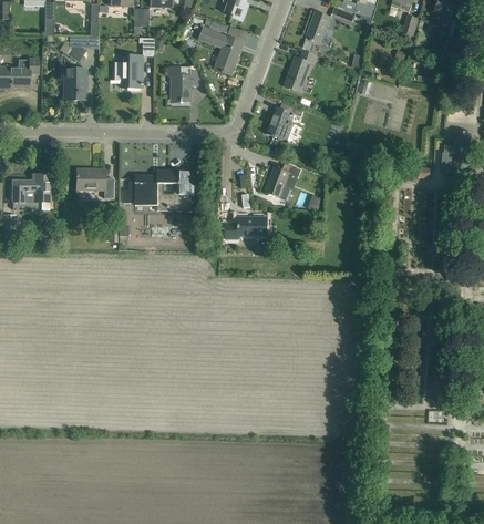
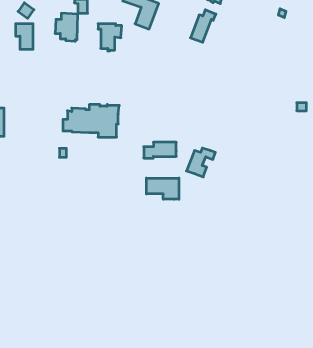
building: [266,106,302,138] -> none
building: [264,163,300,199] -> [186,148,215,177]
building: [74,168,113,197] -> none
building: none -> [146,178,179,199]

